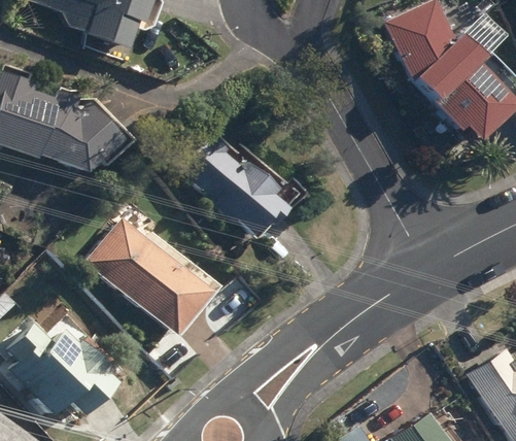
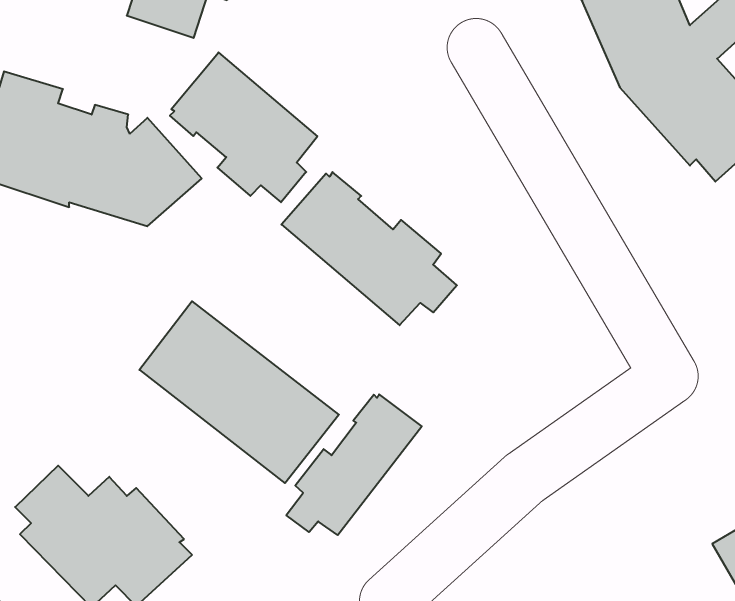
building: none -> [170,52,317,202]
building: none -> [286,394,422,535]

